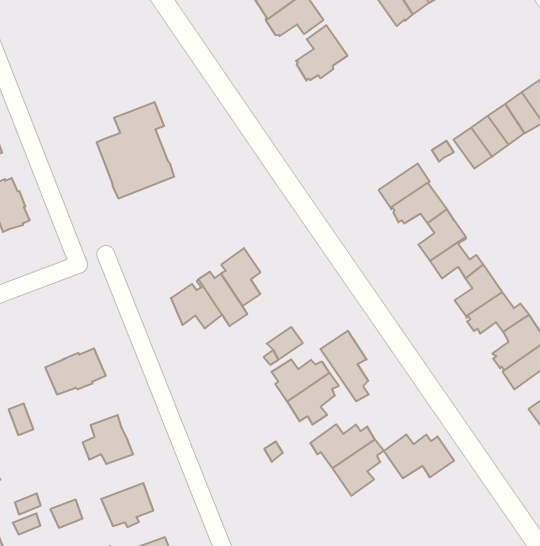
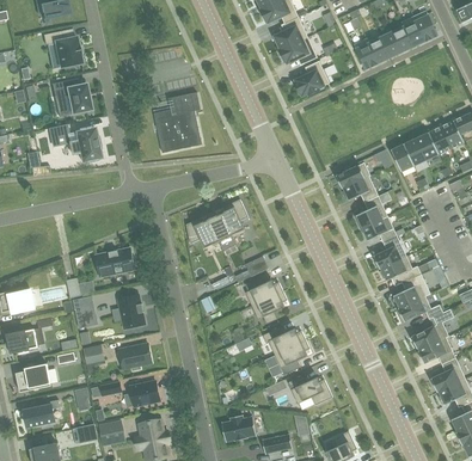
building: [320,331,369,401] -> none
building: none -> [73,296,97,327]
building: [384,434,454,478] -> [287,374,332,405]

